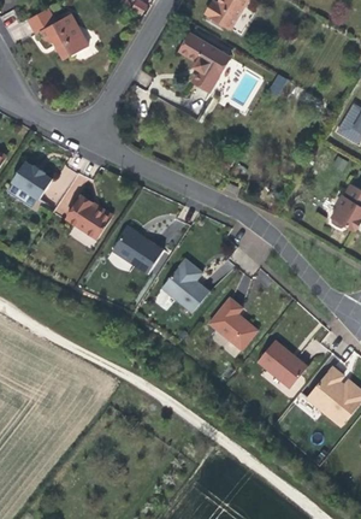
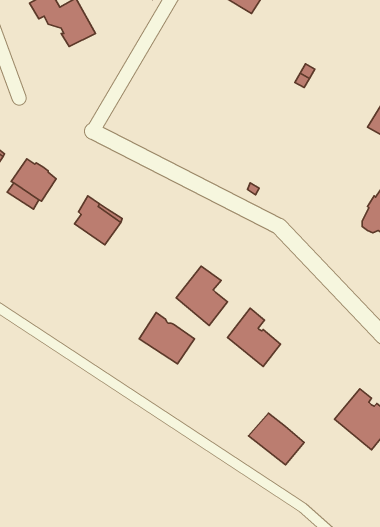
building: [179,34,230,92] -> none
building: [51,166,87,218] -> none
building: [112,226,162,273] -> [139,312,195,364]
building: [256,341,307,388] -> [249,413,304,465]

